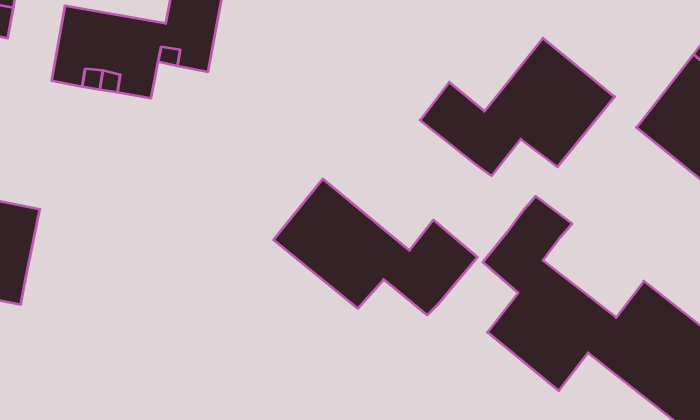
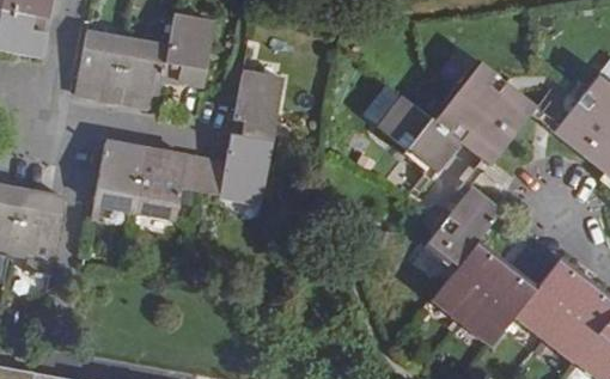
building: none -> [92,71,282,218]
building: [274,179,477,315] -> none

